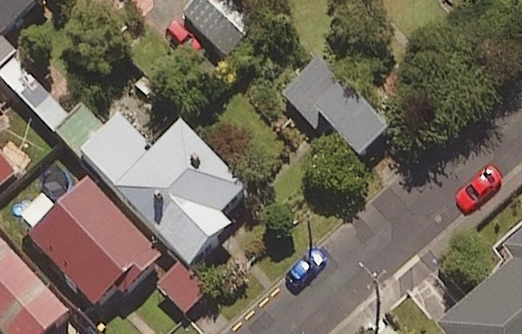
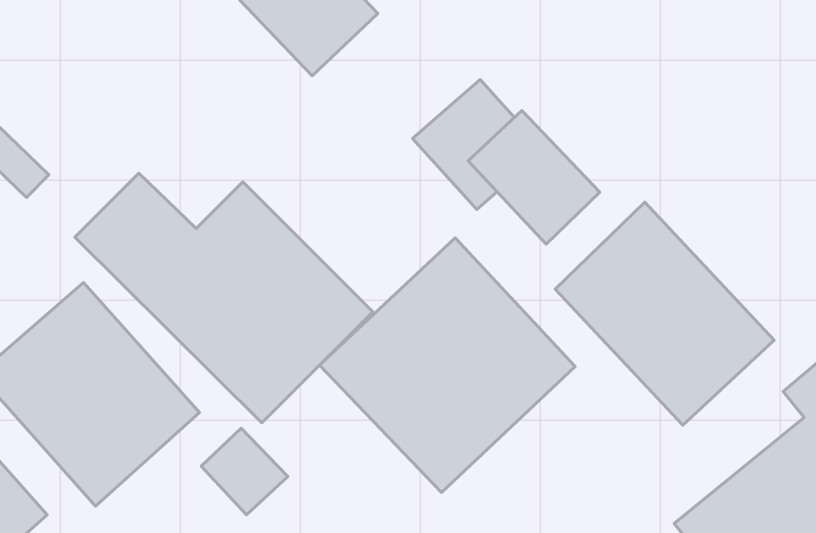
building: none -> [555,202,774,425]
building: none -> [319,238,575,492]

